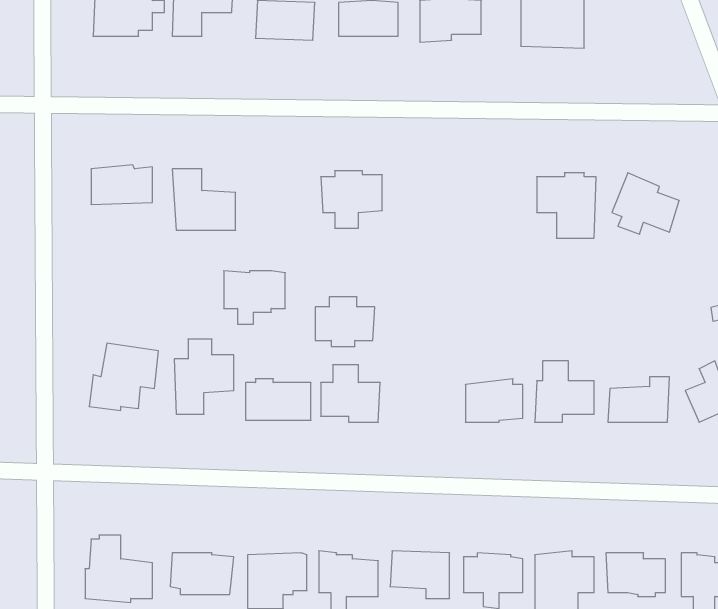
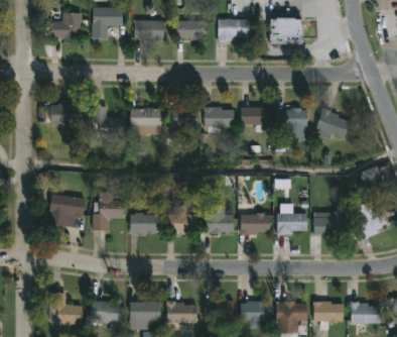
building: none -> [204,106,235,131]
building: none -> [241,106,270,129]
building: [224,271,285,324] -> [130,107,161,134]
building: [315,297,375,346] -> [204,209,234,234]

